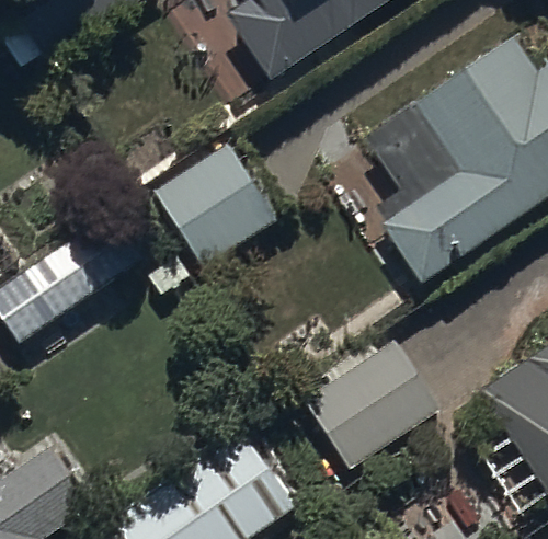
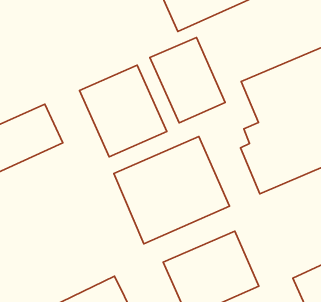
building: none -> [150,38,225,123]
building: none -> [114,136,229,244]

